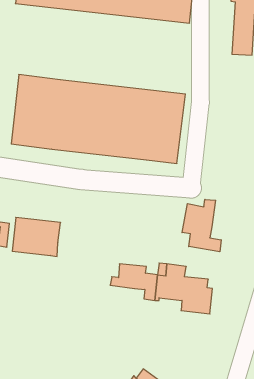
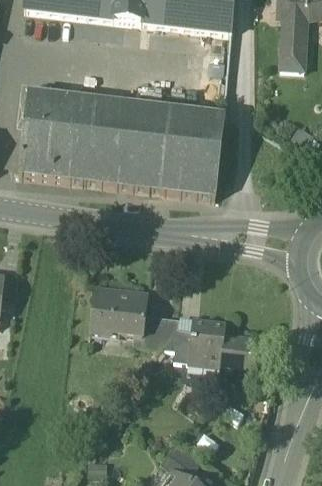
building: [182,199,221,252] -> none
building: [12,217,61,256] -> [92,286,149,332]

